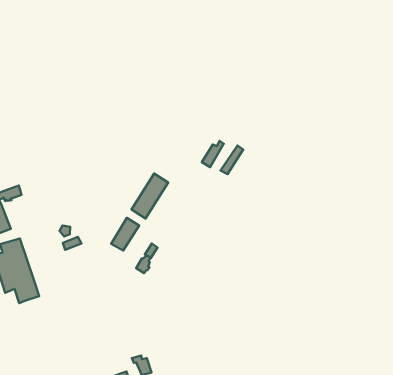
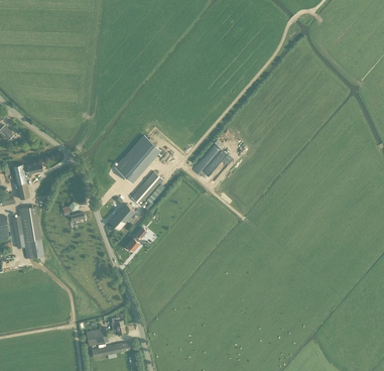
building: none -> [115,134,155,177]

